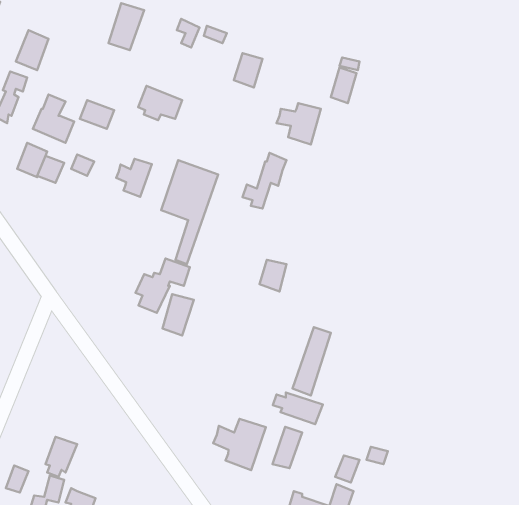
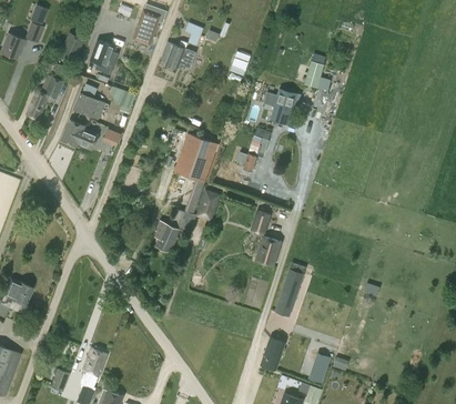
building: none -> [90,40,119,75]
building: [138,86,182,120] -> [161,42,195,69]
building: [116,159,152,197] -> none
building: none -> [255,236,281,266]
building: [162,294,194,336] -> [196,190,221,222]
building: [273,393,323,424] -> none
building: [213,419,266,470] -> none

